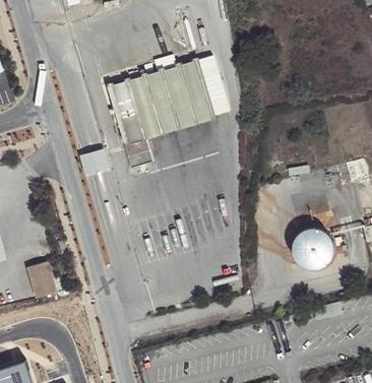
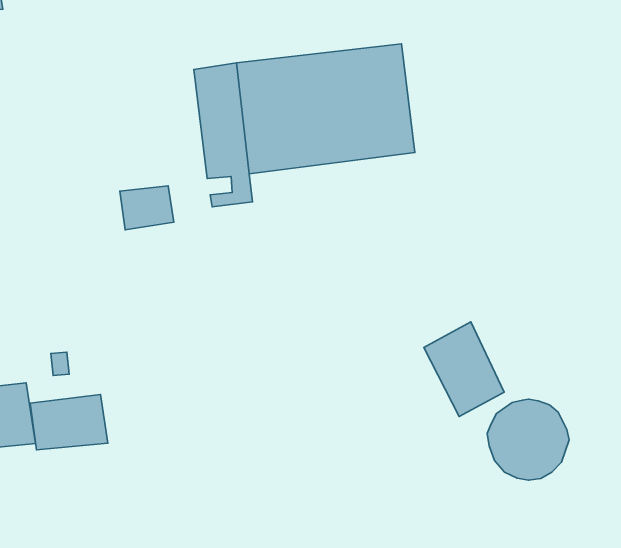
building: none -> [424,322,504,416]
building: none -> [30,394,108,450]

